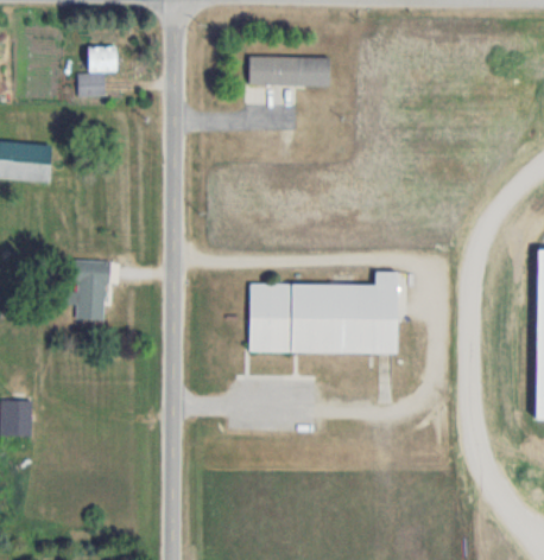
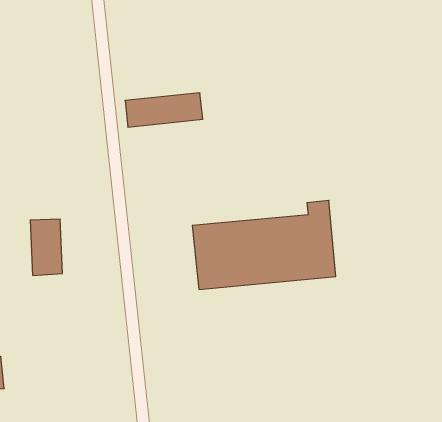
building: [84,47,114,96] -> none
building: [248,57,329,85] -> [125,93,203,127]

